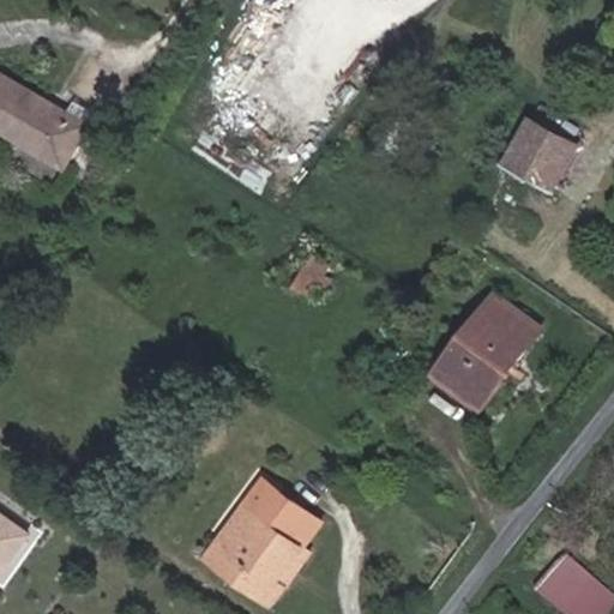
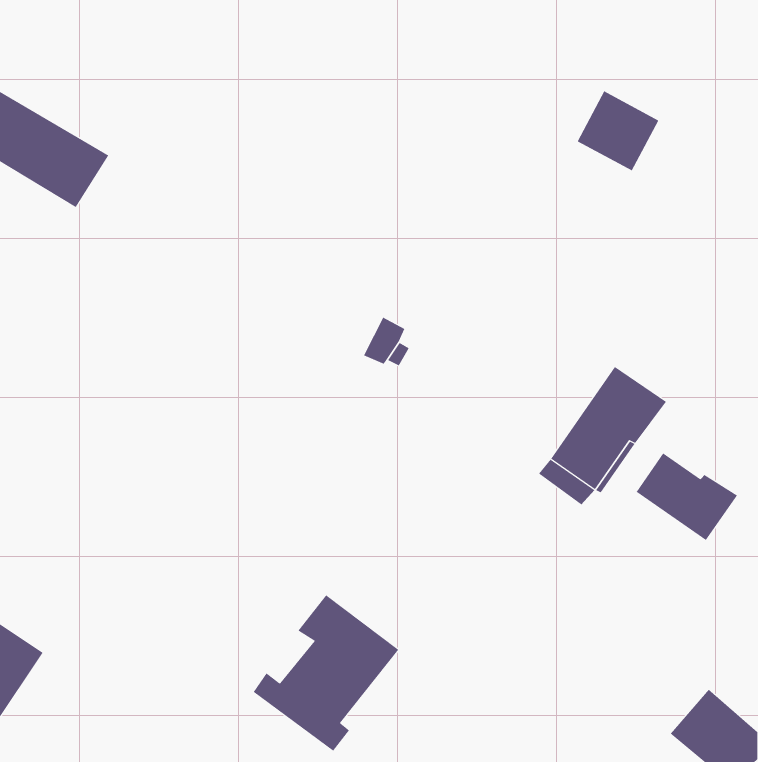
building: [506,121,572,186] -> [577,91,659,171]
building: none -> [636,453,738,541]

